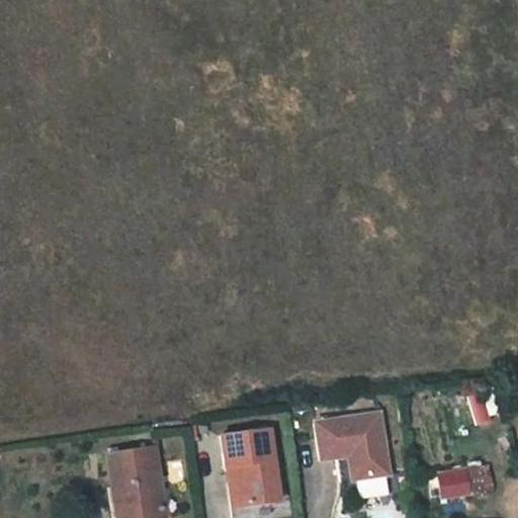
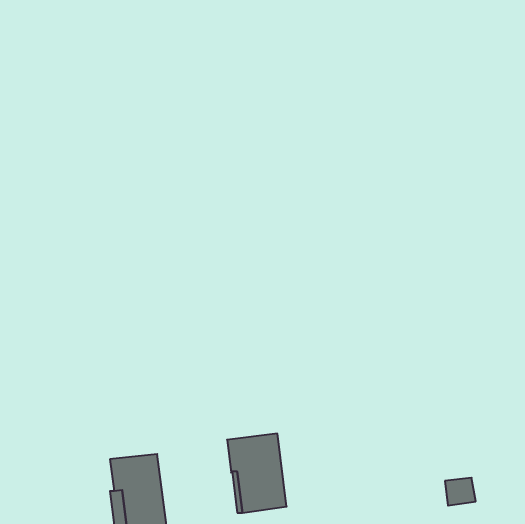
building: [318,414,391,480] -> none

